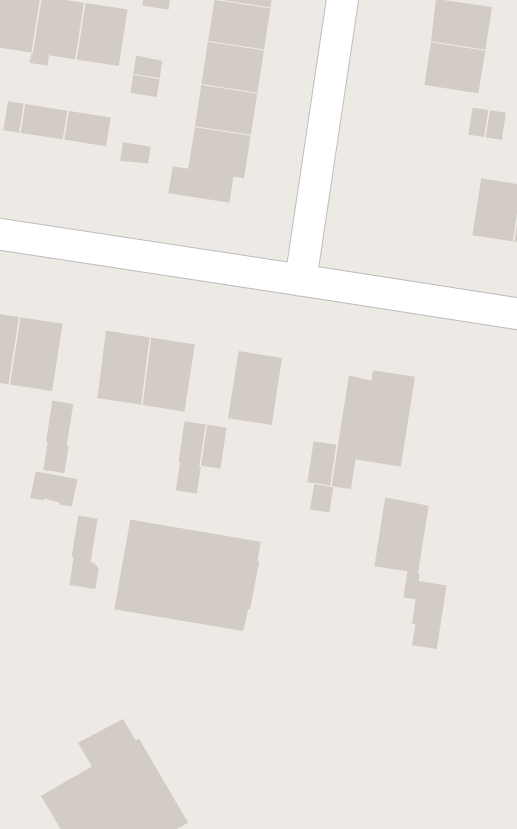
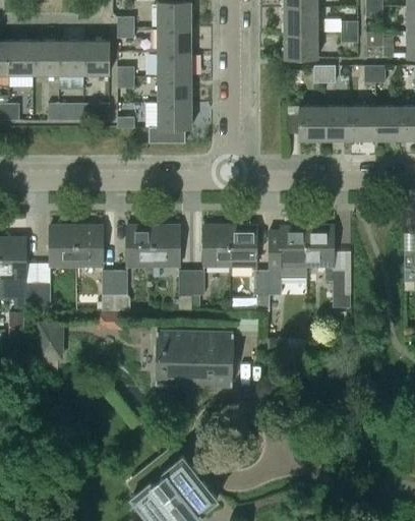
building: none -> [288,106,325,139]
building: none -> [229,226,255,266]
building: [374,497,447,649] -> [306,225,350,307]
building: [68,515,99,589] -> [114,271,131,311]

